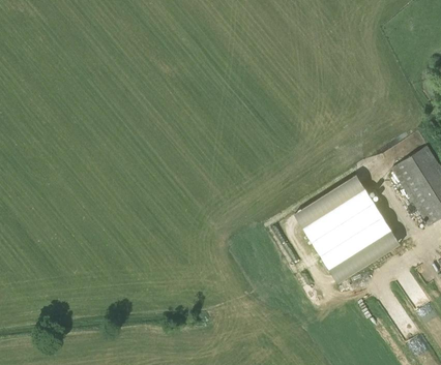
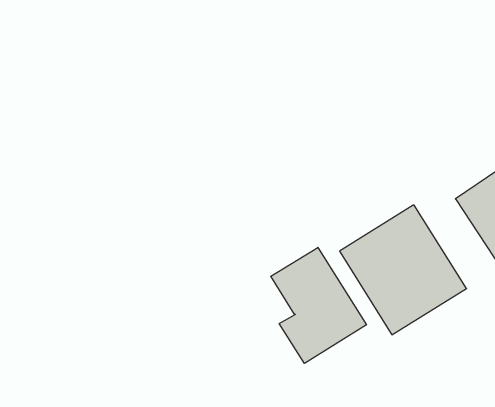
building: none -> [271,247,366,363]

